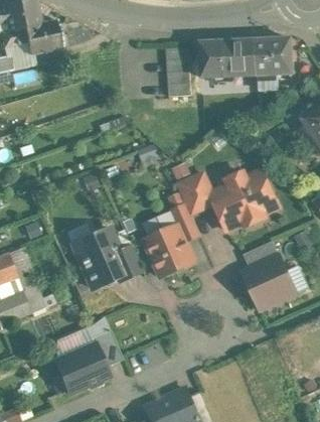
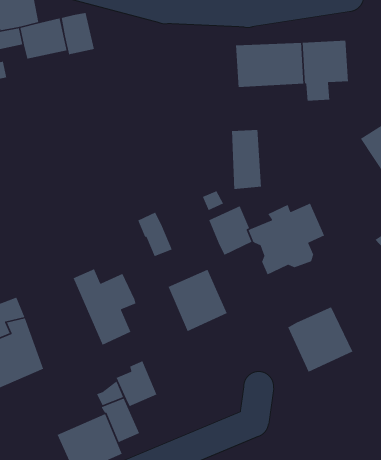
building: none -> [61,12,95,55]
building: [165,47,190,97] -> [231,129,262,190]
building: [170,204,199,242] -> [137,212,173,257]
building: [243,241,278,269] -> none
building: [107,245,141,283] -> [116,360,157,407]

